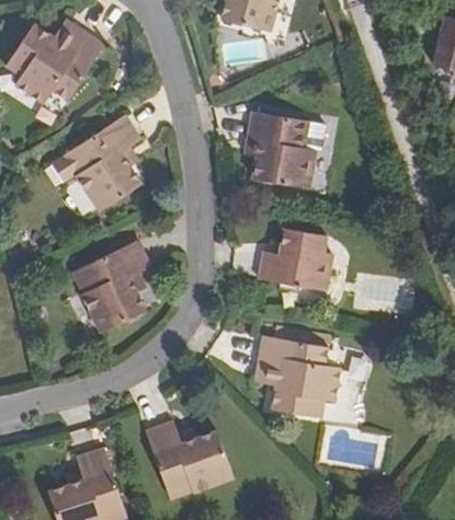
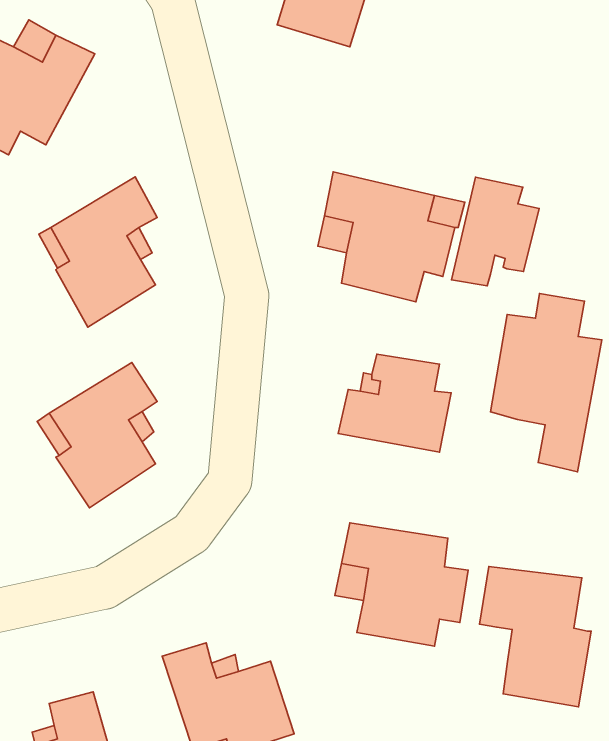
building: none -> [452,177,539,286]
building: none -> [490,293,602,472]
building: none -> [480,566,591,707]

